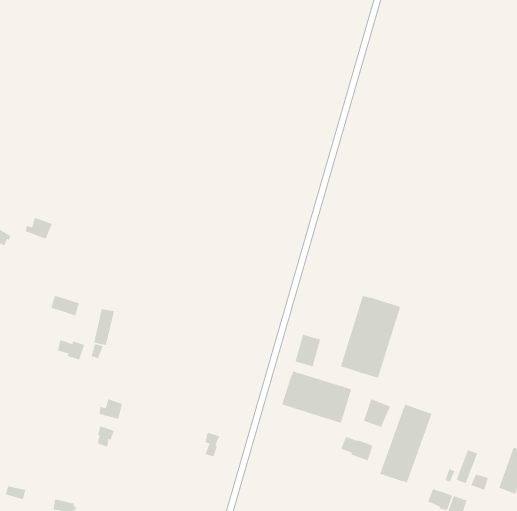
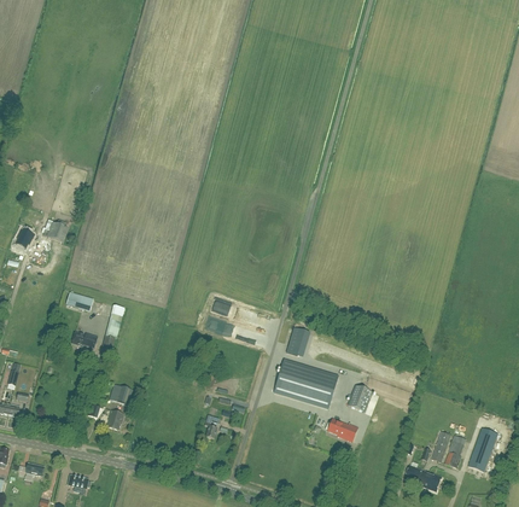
building: [340,294,401,379] -> none
building: [379,403,432,484] -> none

